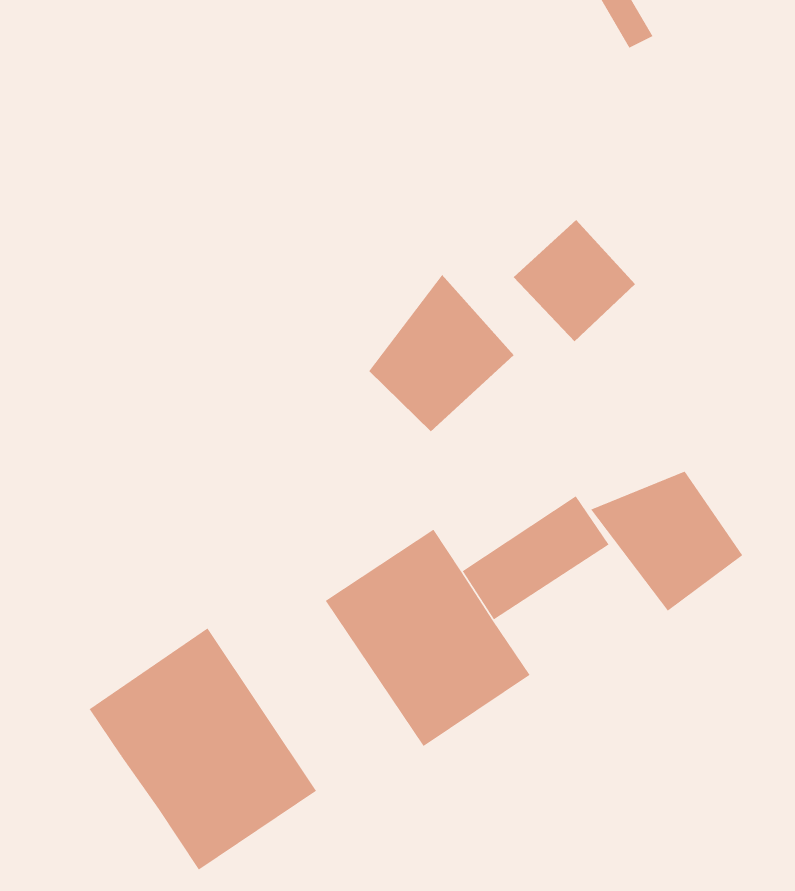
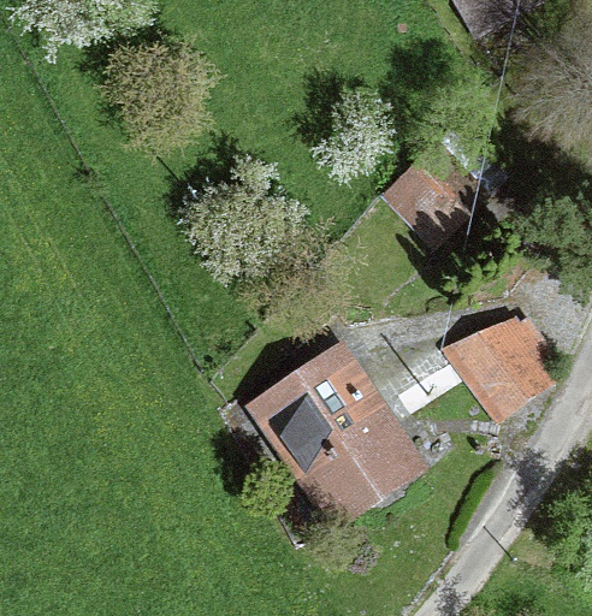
building: [369,274,514,432] -> none
building: [89,628,317,870] -> none

